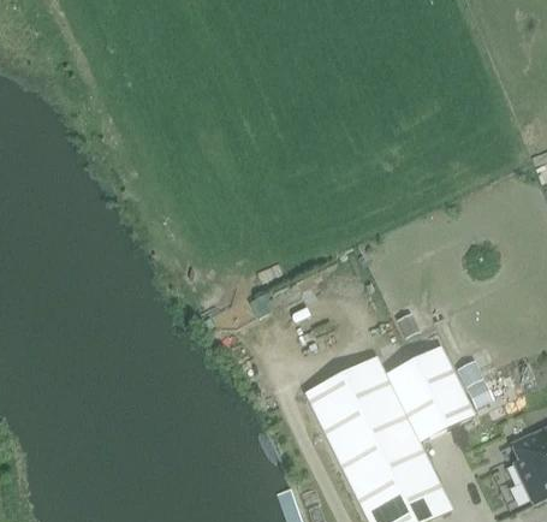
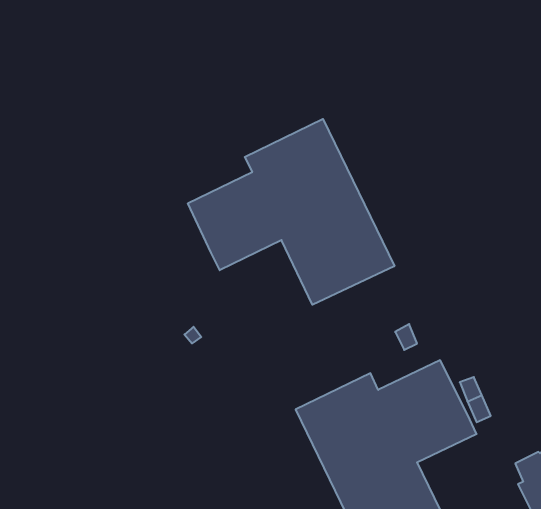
building: none -> [188,119,394,305]

